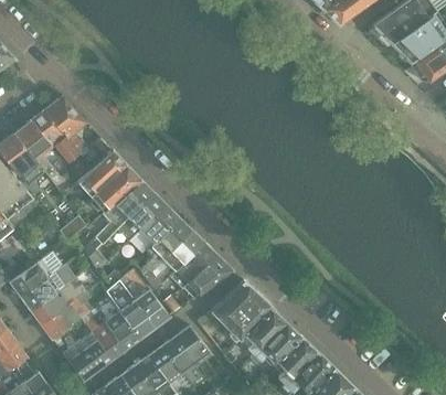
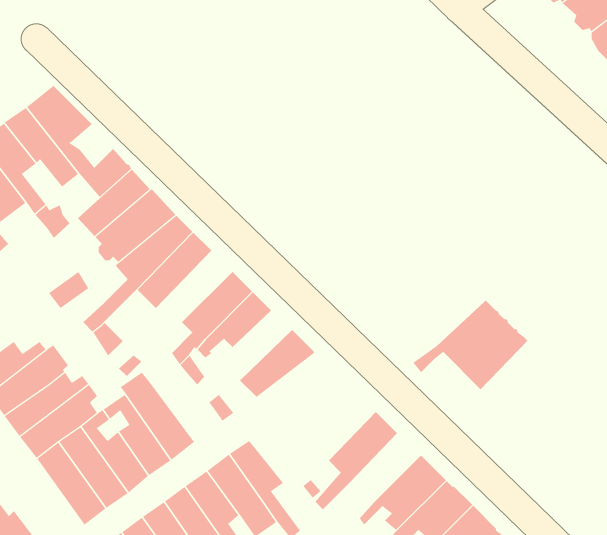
building: [128,203,178,255] -> none
building: [172,242,216,291] -> none
building: [125,268,169,327] -> none
building: [195,280,270,339] -> [412,300,528,390]
building: [254,321,299,365] -> none

